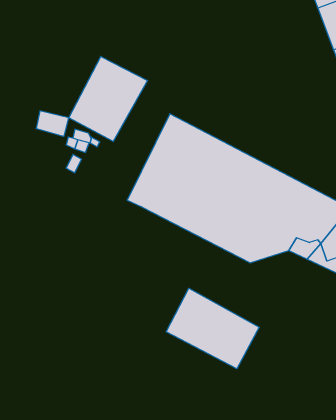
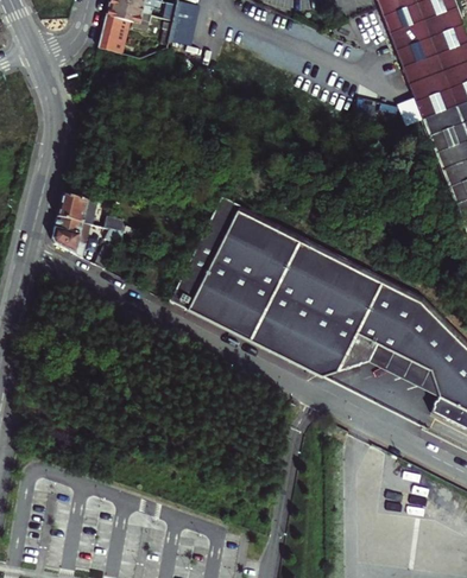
building: [69,56,147,141] -> none
building: none -> [52,214,90,258]
building: [166,288,259,369] -> none

